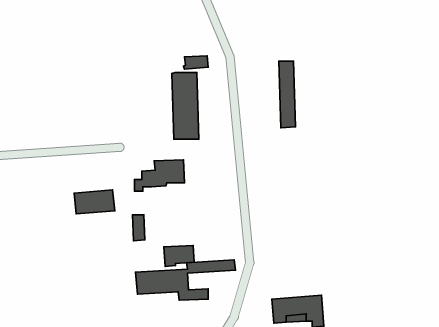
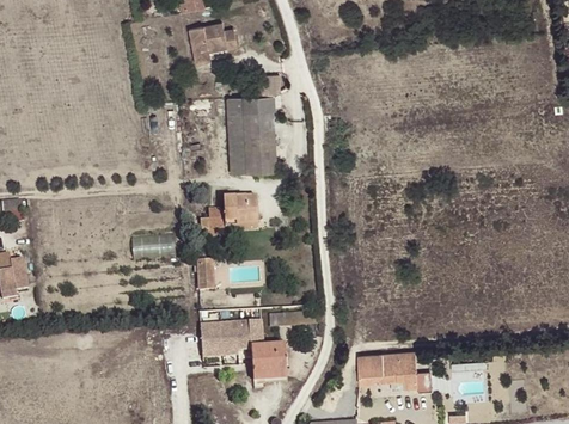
building: none -> [188,21,235,61]
building: [279,61,296,128] -> [226,97,245,173]
building: [164,246,194,266] -> [251,356,286,380]

